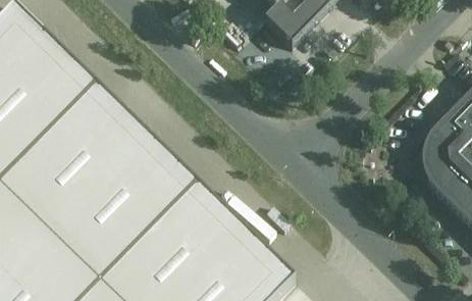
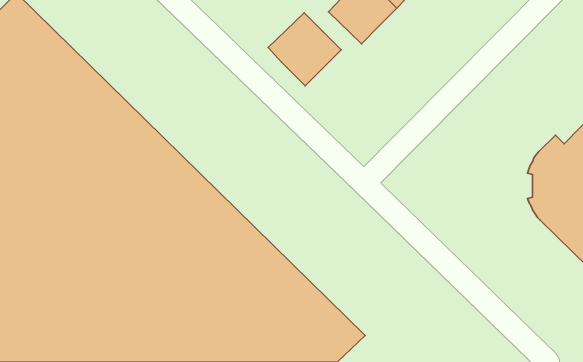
building: none -> [268,13,341,86]

